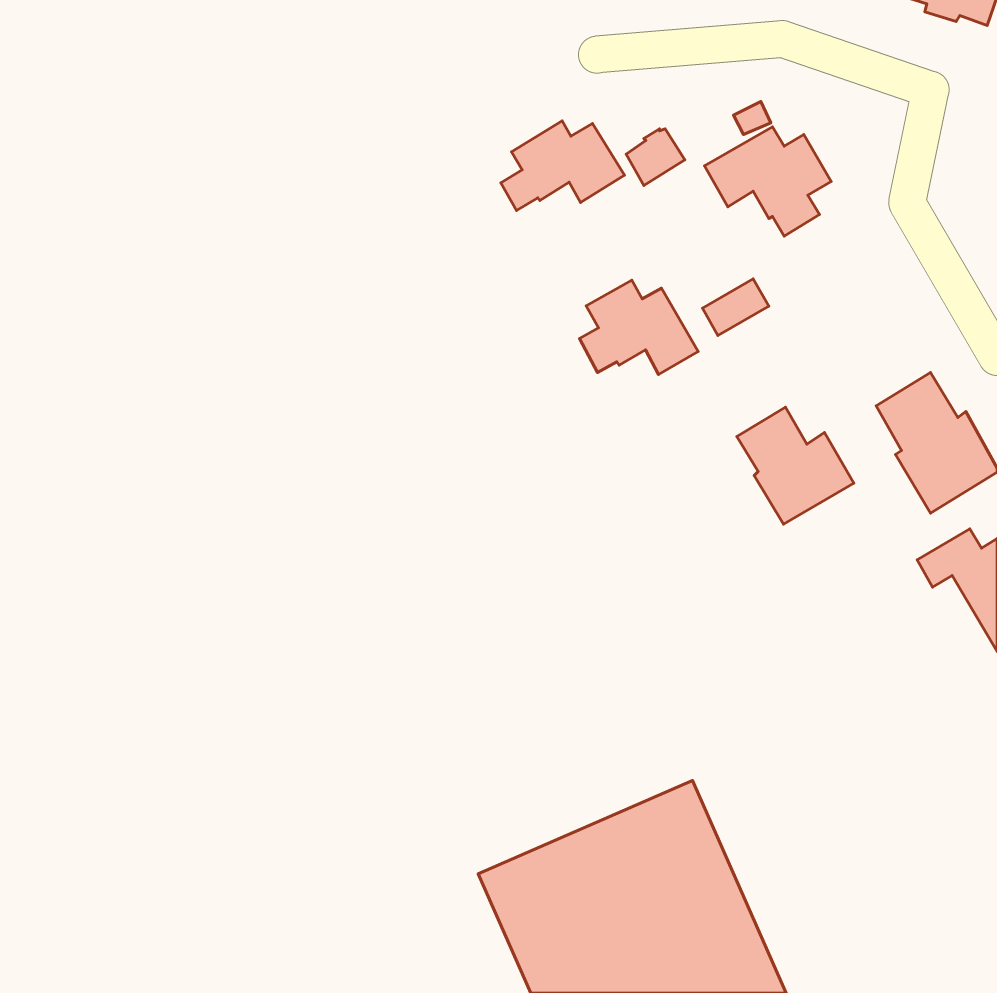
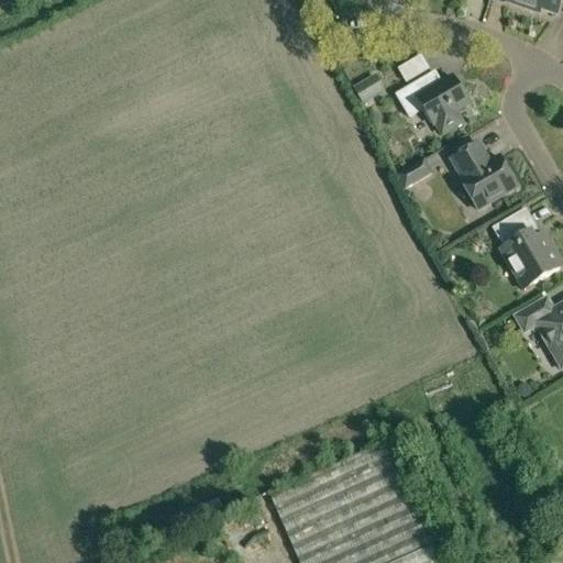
building: [501,121,624,210] -> none
building: [579,280,698,374] -> none
building: [737,407,854,524] -> [451,142,517,208]

